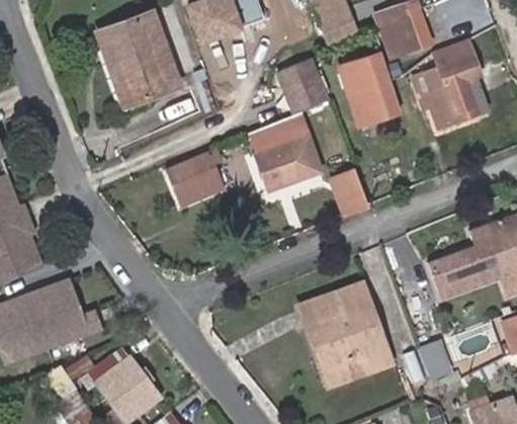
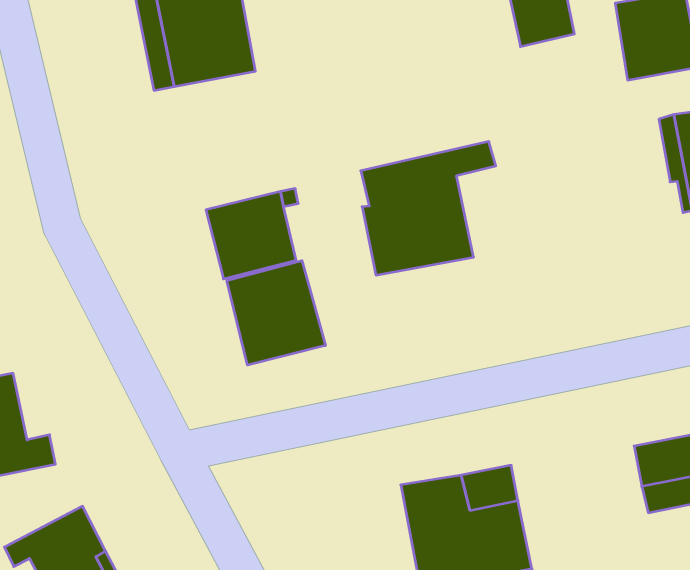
building: [339,54,400,124] -> none
building: [278,58,327,113] -> none
building: [331,169,367,214] -> none
building: none -> [227,261,325,365]

